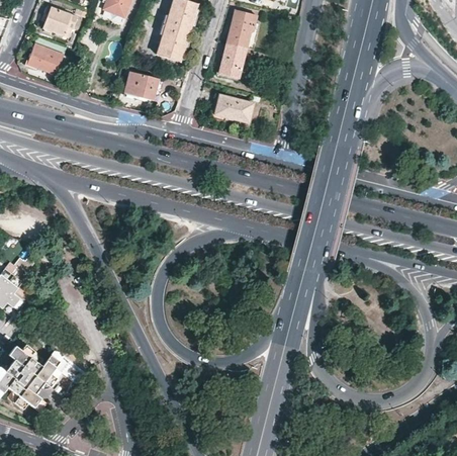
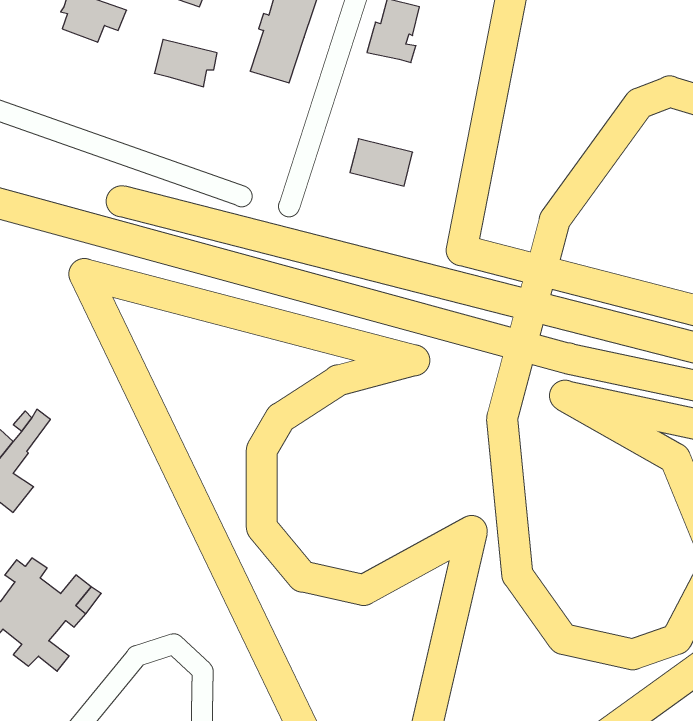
building: [220,43,245,79] -> none
building: [29,44,65,75] -> none
building: [125,73,163,101] -> [154,39,217,87]

